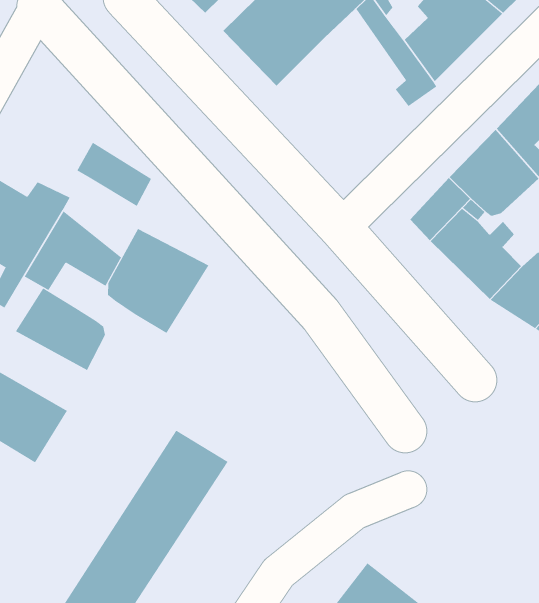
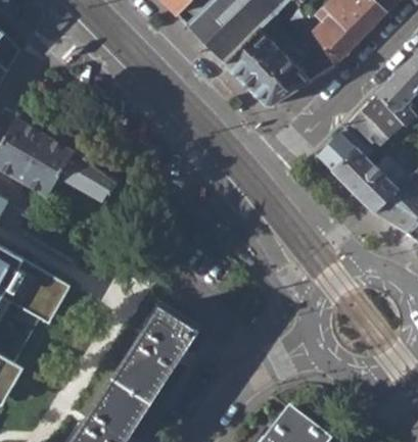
building: none -> [225,31,311,106]
building: [76,142,152,207] -> none
building: [108,228,209,334] -> none
building: [15,288,105,371] -> none

